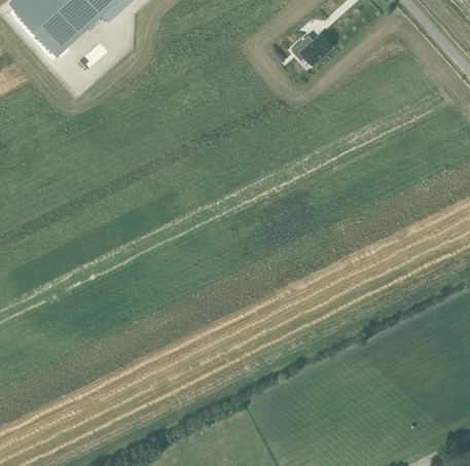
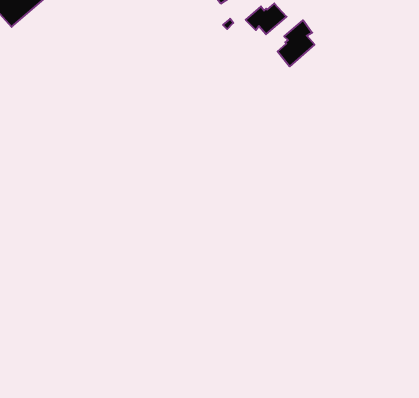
building: none -> [278,20,314,66]

